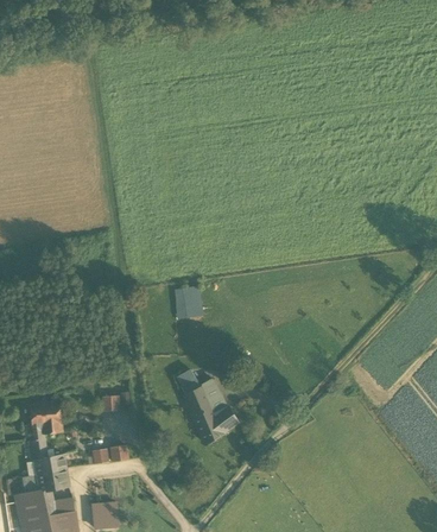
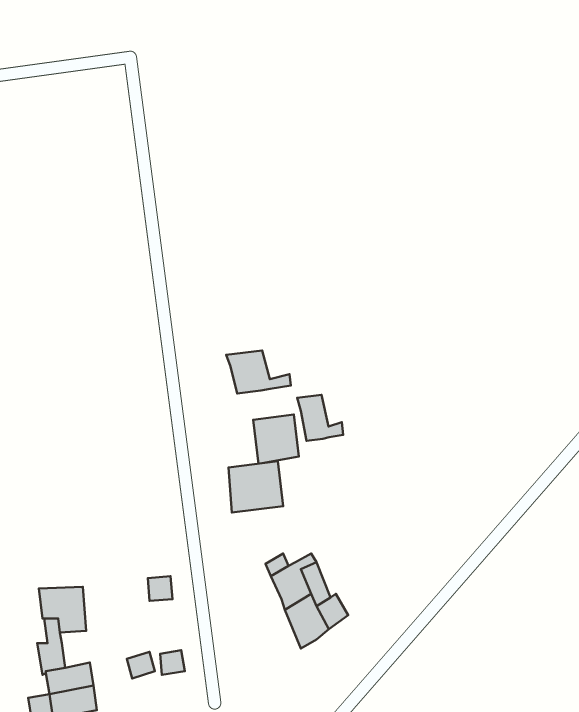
building: none -> [226,350,291,394]
building: none -> [297,395,343,441]
building: none -> [228,461,283,513]

